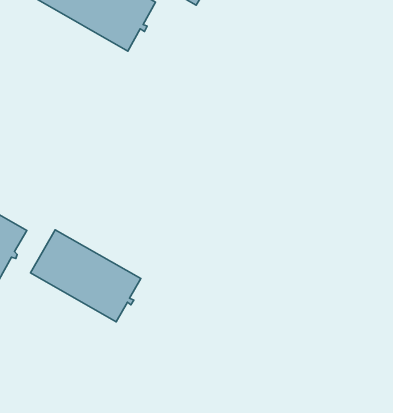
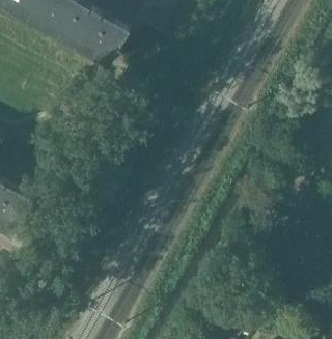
building: [30,230,141,322] -> none

